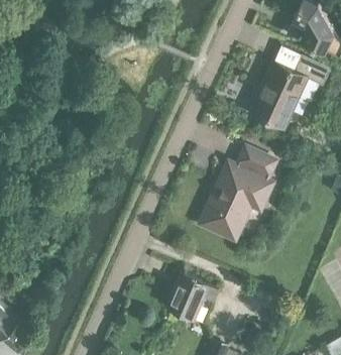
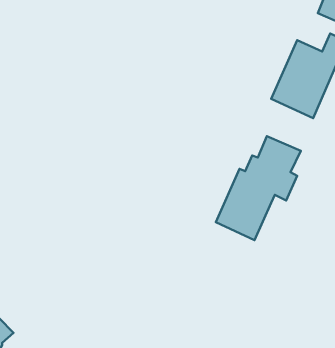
building: [165,272,219,323] -> none

